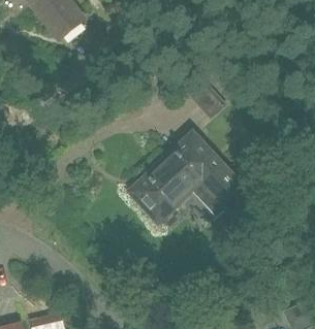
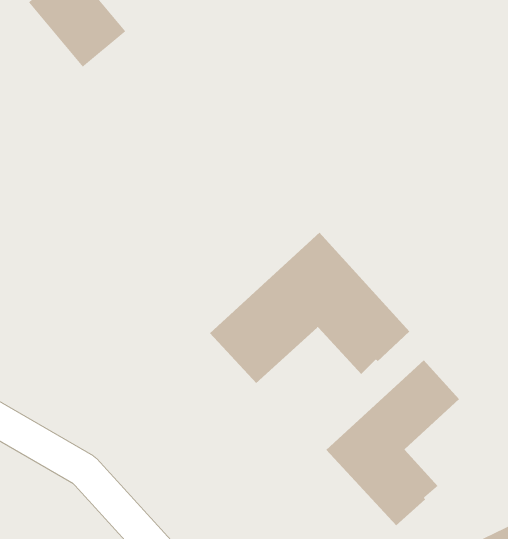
building: none -> [325,360,460,526]

